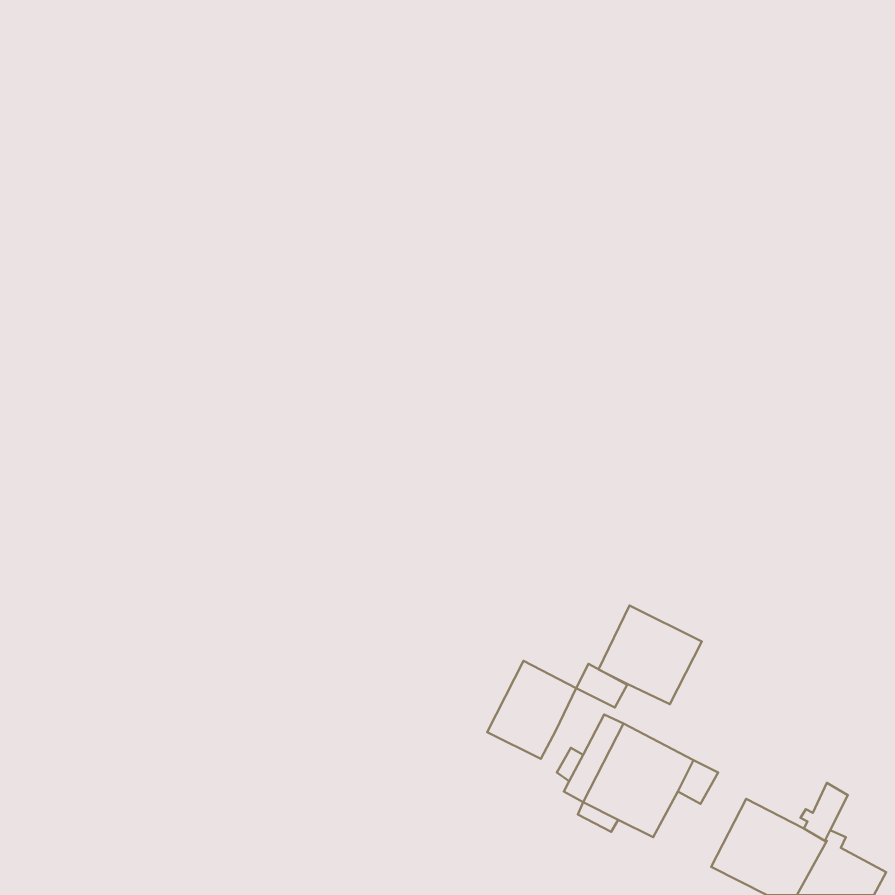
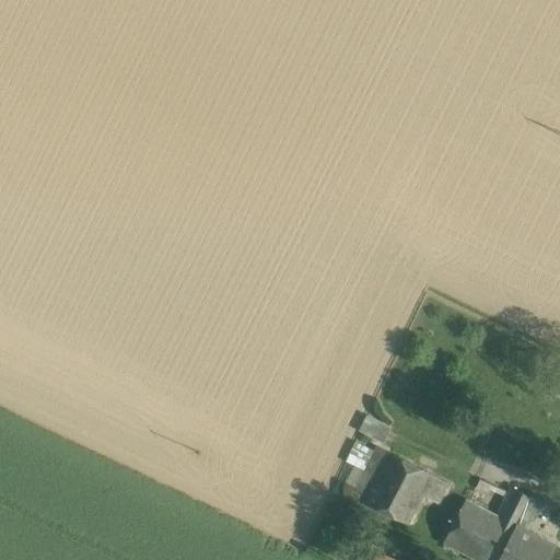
building: [599,606,702,704] -> none
building: [487,661,576,759] -> none

